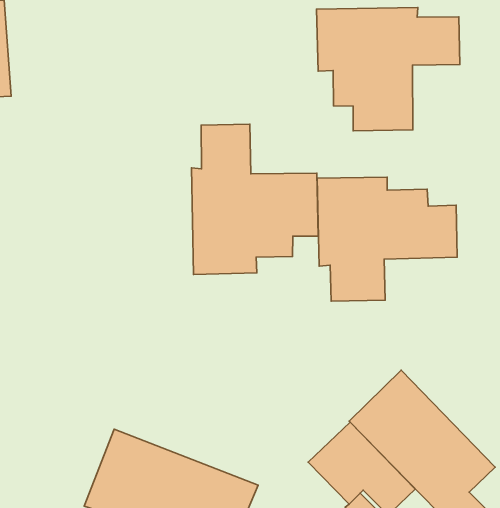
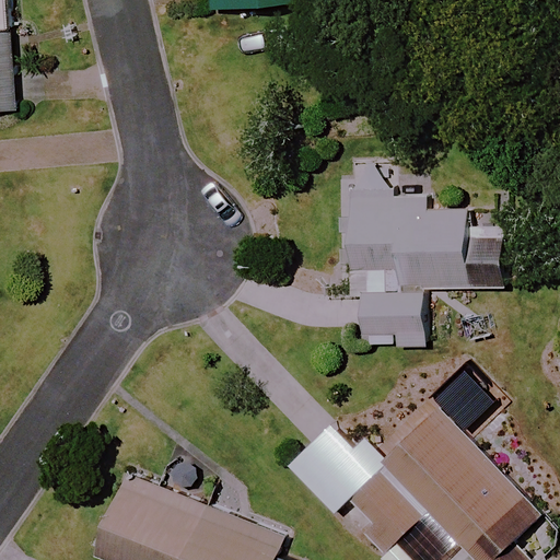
building: [316,8,460,131] -> none
building: [192,124,318,274] -> none

